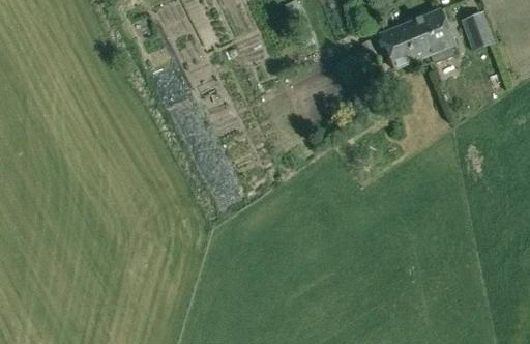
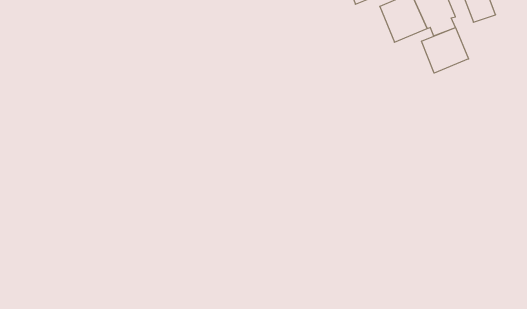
building: none -> [422,28,469,73]

